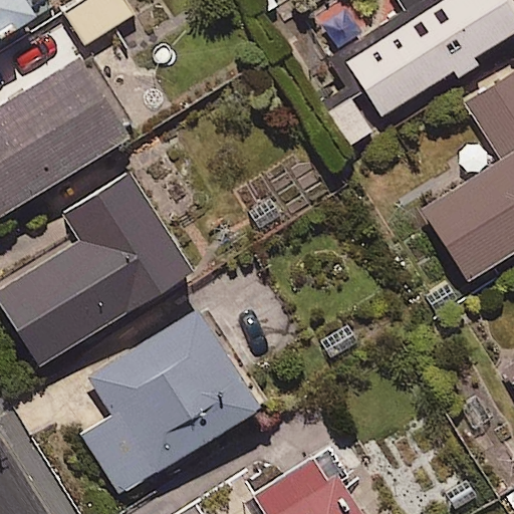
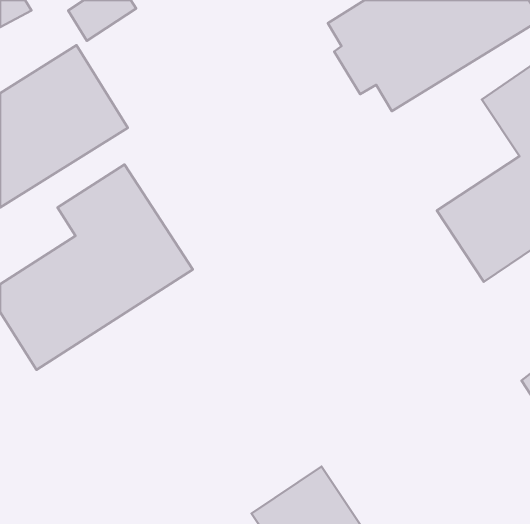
building: [83,308,260,496] -> none

